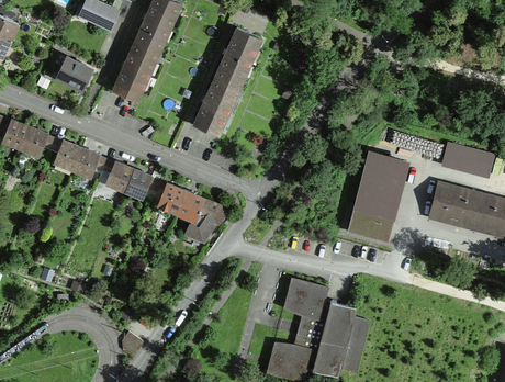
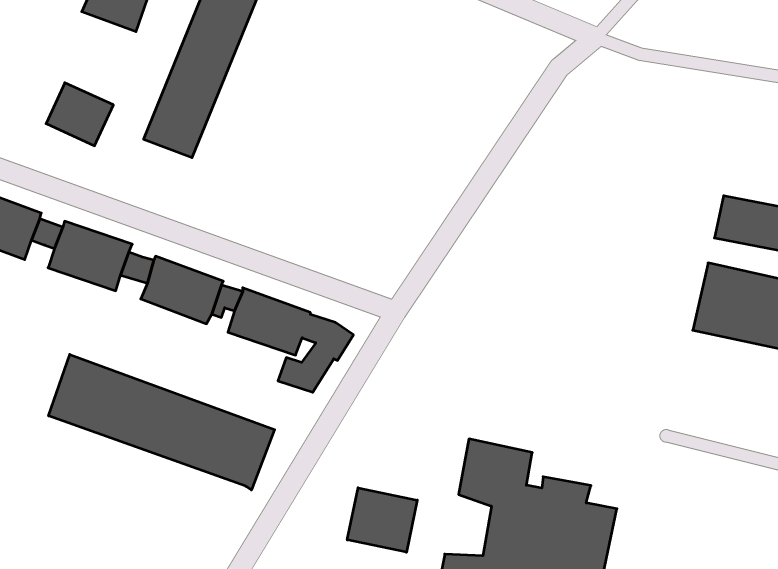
building: [194,27,266,137] -> none
building: [344,151,405,243] -> none
building: none -> [49,354,275,490]
building: none -> [347,488,417,552]

